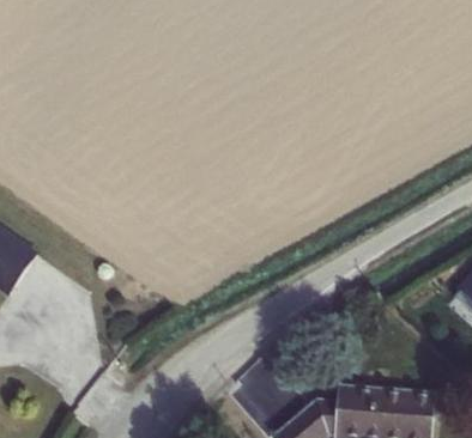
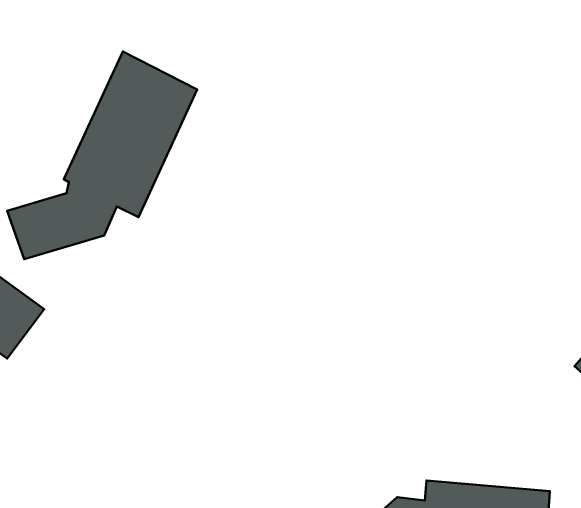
building: none -> [7,51,197,259]

